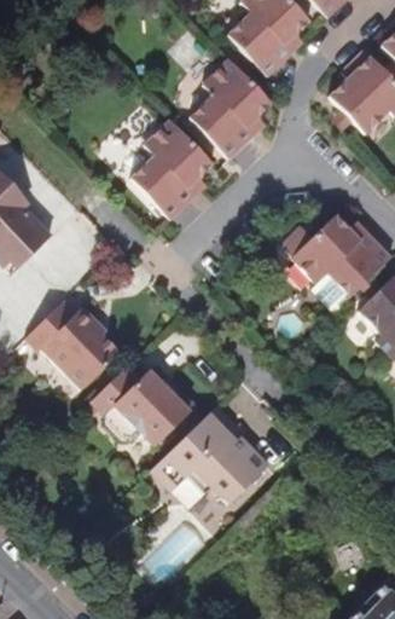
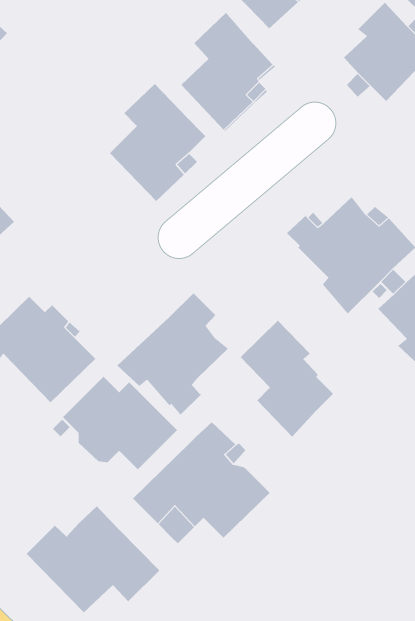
building: none -> [116,292,229,415]
building: none -> [240,320,334,438]
building: none -> [26,506,160,613]

